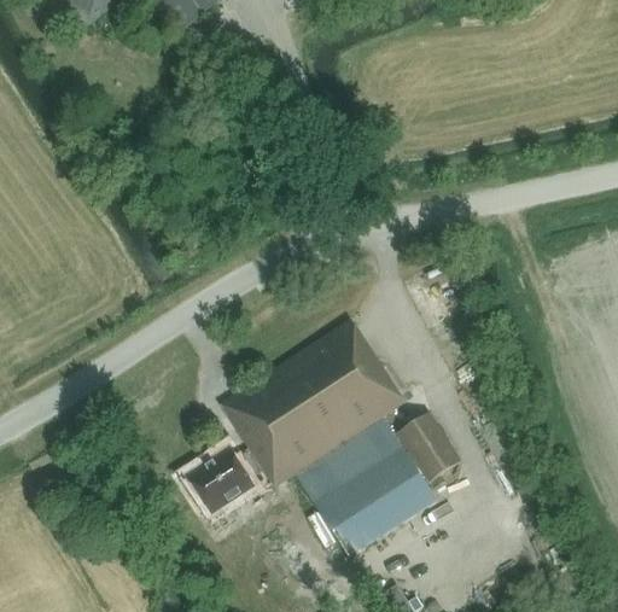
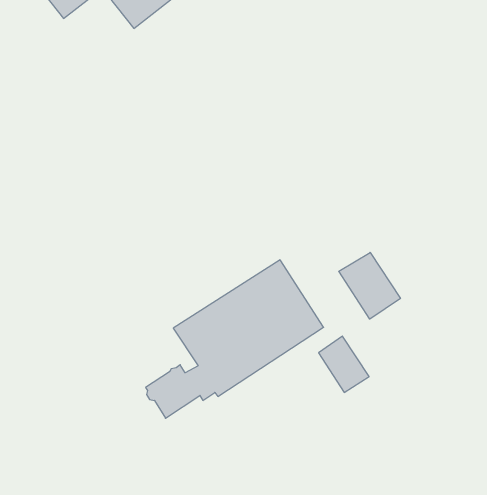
building: none -> [339,252,400,319]
building: [296,415,438,555] -> none

